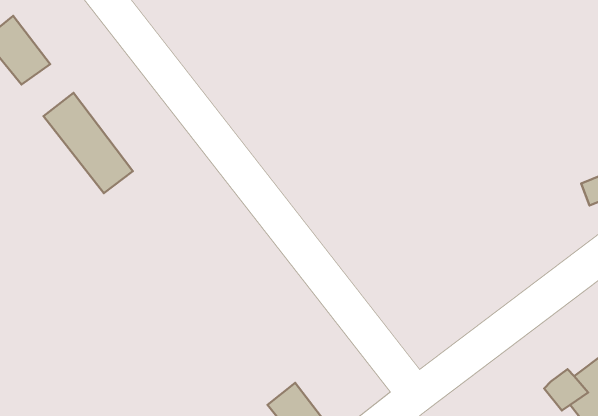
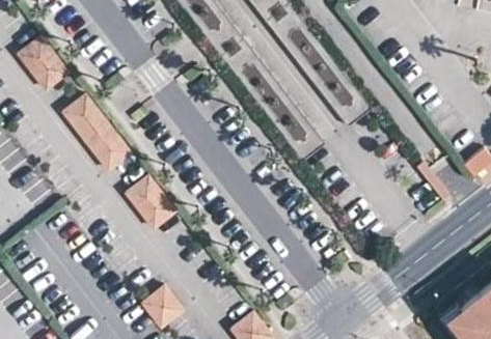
building: none -> [125,175,175,227]
building: none -> [141,285,185,330]

